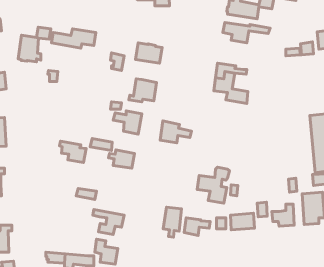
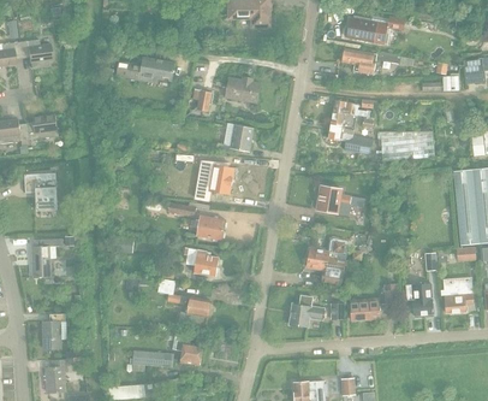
building: [18,27,51,62] -> none
building: [160,121,192,143] -> [315,184,356,213]
building: [60,141,86,162] -> [183,247,218,275]
building: [163,207,182,237] -> none

